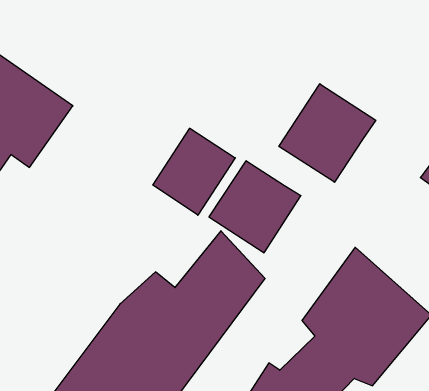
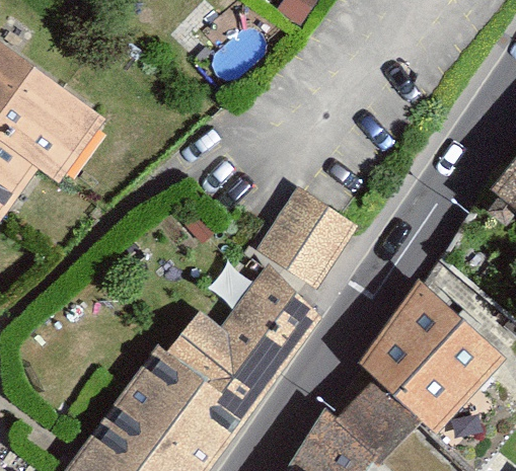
building: [279,84,376,182] -> none
building: [153,128,235,215] -> none

